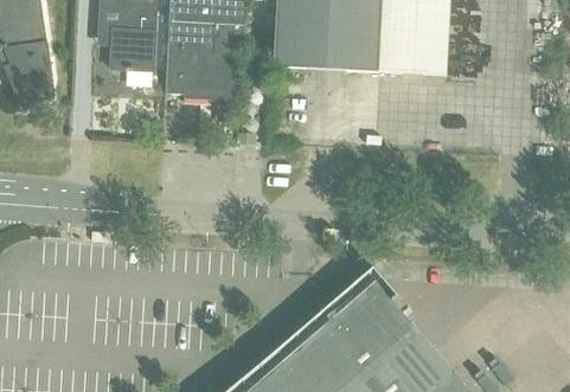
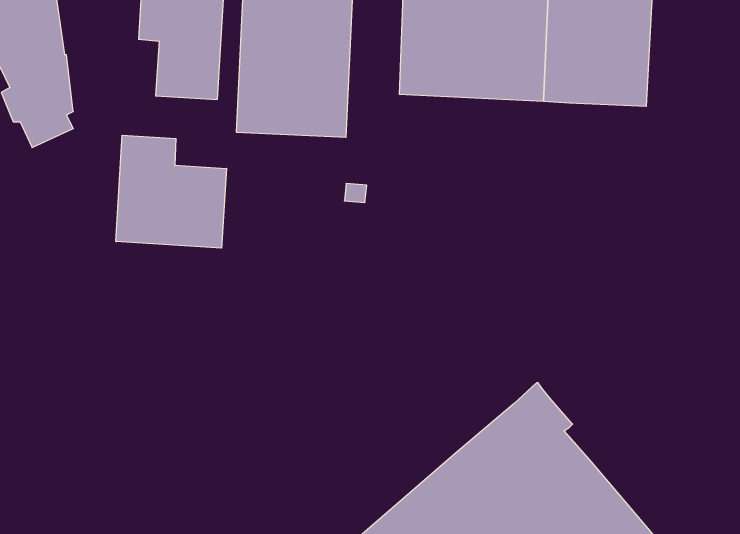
building: none -> [116,135,227,248]

